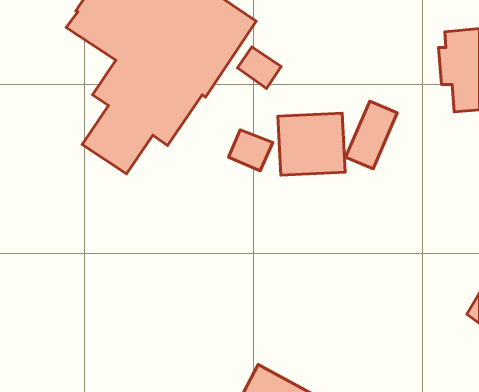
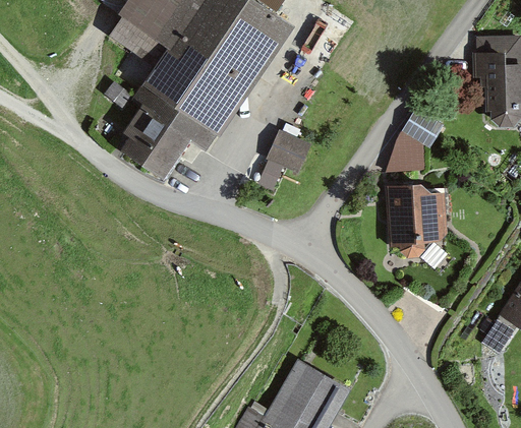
building: [238,47,281,89] -> none
building: [278,113,345,175] -> [384,183,449,243]

